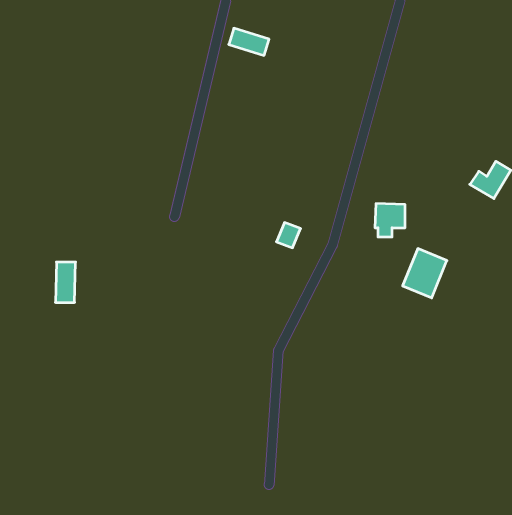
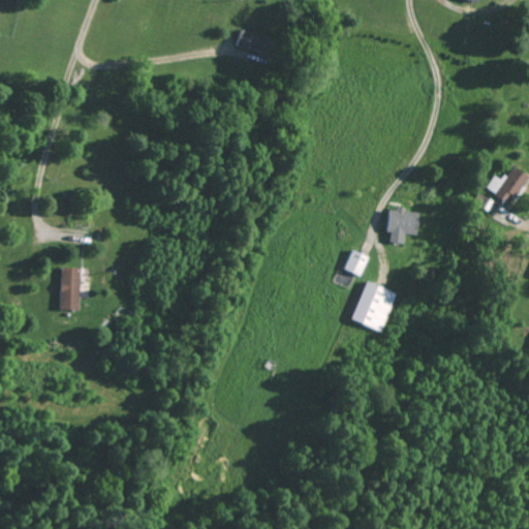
building: [276,223,301,248] -> [344,250,369,276]
building: [403,249,447,298] -> [351,281,397,332]

